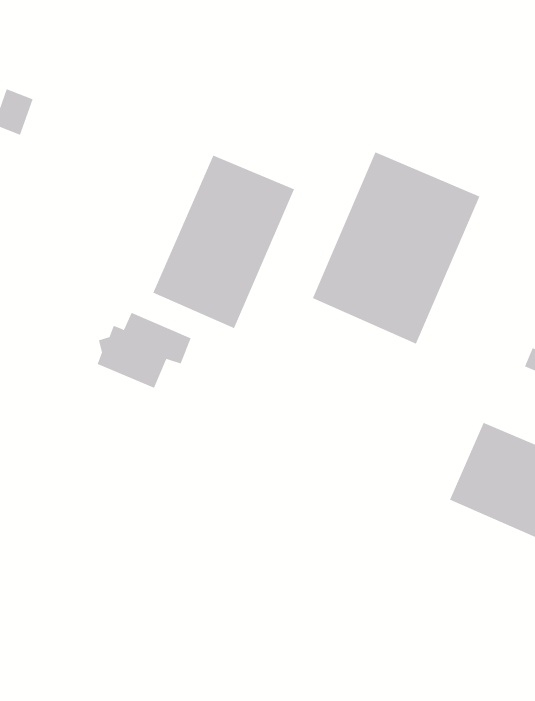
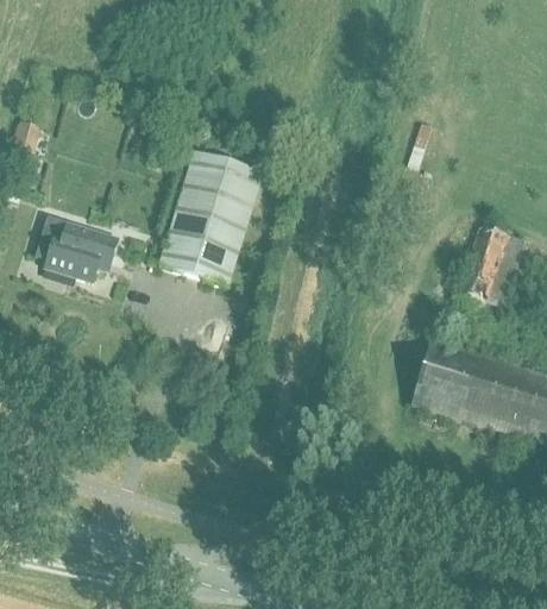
building: [312,151,480,344] -> none
building: [97,312,192,388] -> [43,221,117,280]

